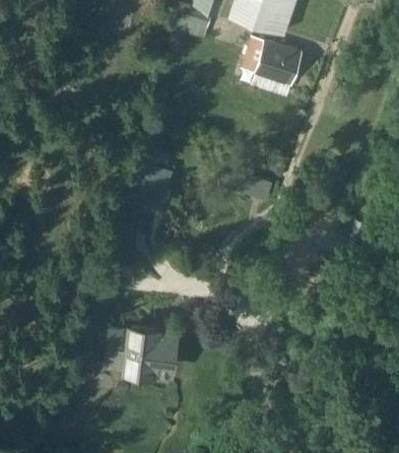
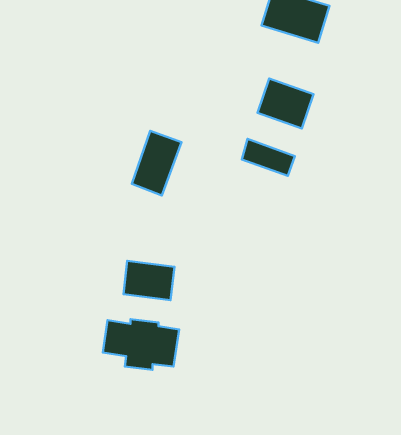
building: none -> [257,79,314,128]
building: none -> [123,261,175,300]

